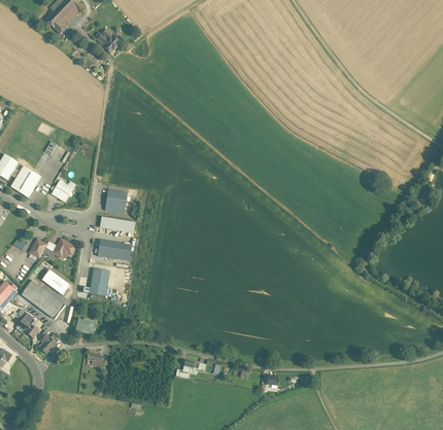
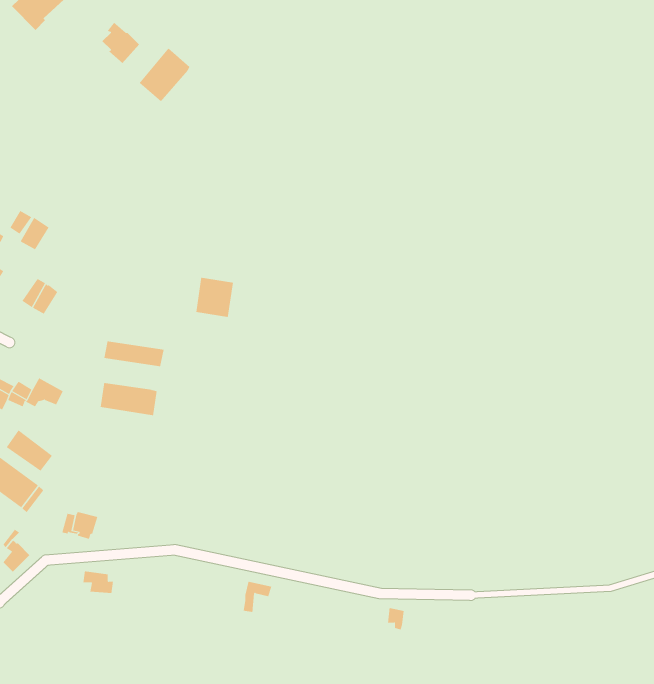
building: none -> [139,48,190,102]
building: [104,189,127,213] -> [195,277,234,317]
building: [89,268,109,296] -> none

